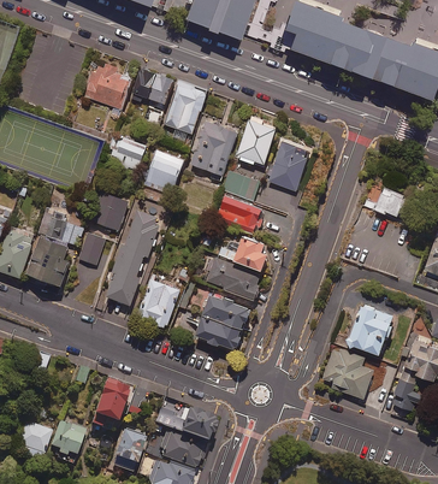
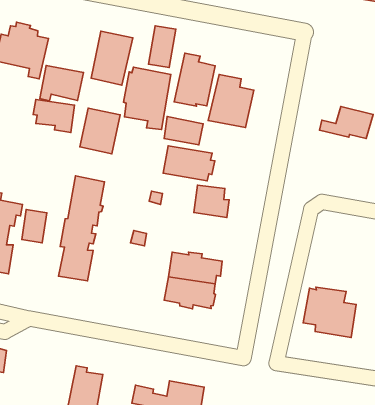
building: [131,69,174,105] -> [40,65,84,101]
building: none -> [148,26,176,67]
building: [91,193,129,232] -> none
building: [207,256,262,300] -> none
building: [138,279,179,330] -> none
building: [342,301,389,352] -> none

